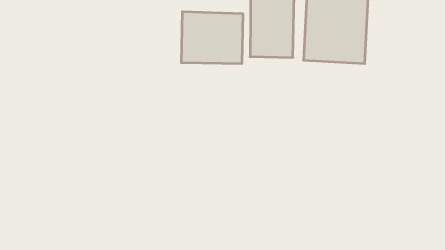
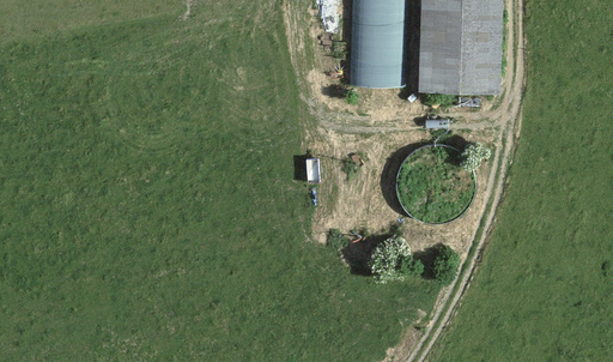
building: [181,12,243,64] -> none

